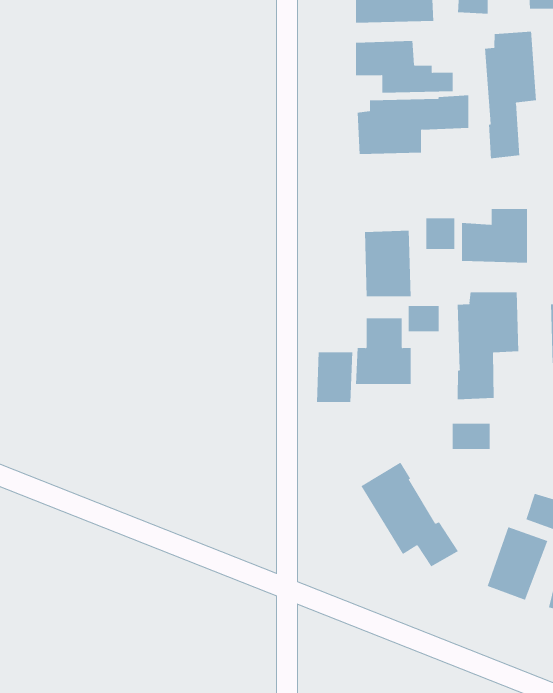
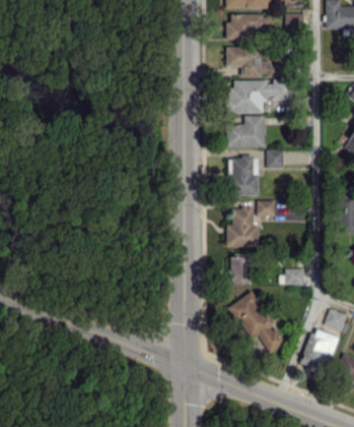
building: [485,31,537,159] -> none
building: [461,209,528,263] -> [226,116,265,147]
building: [457,291,519,400] -> none
building: [316,352,353,403] -> [229,254,251,284]

